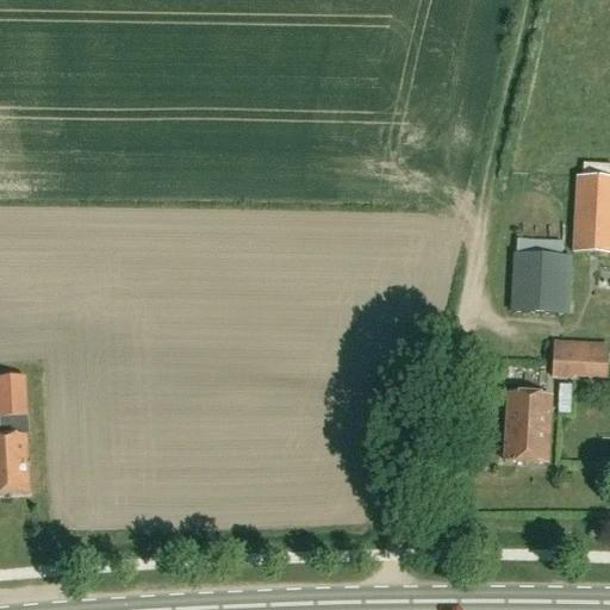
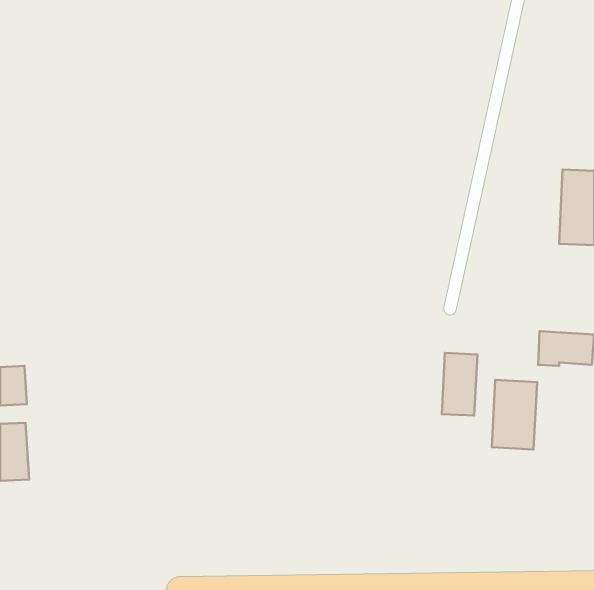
building: [516,249,571,310] -> none
building: none -> [442,353,477,416]

